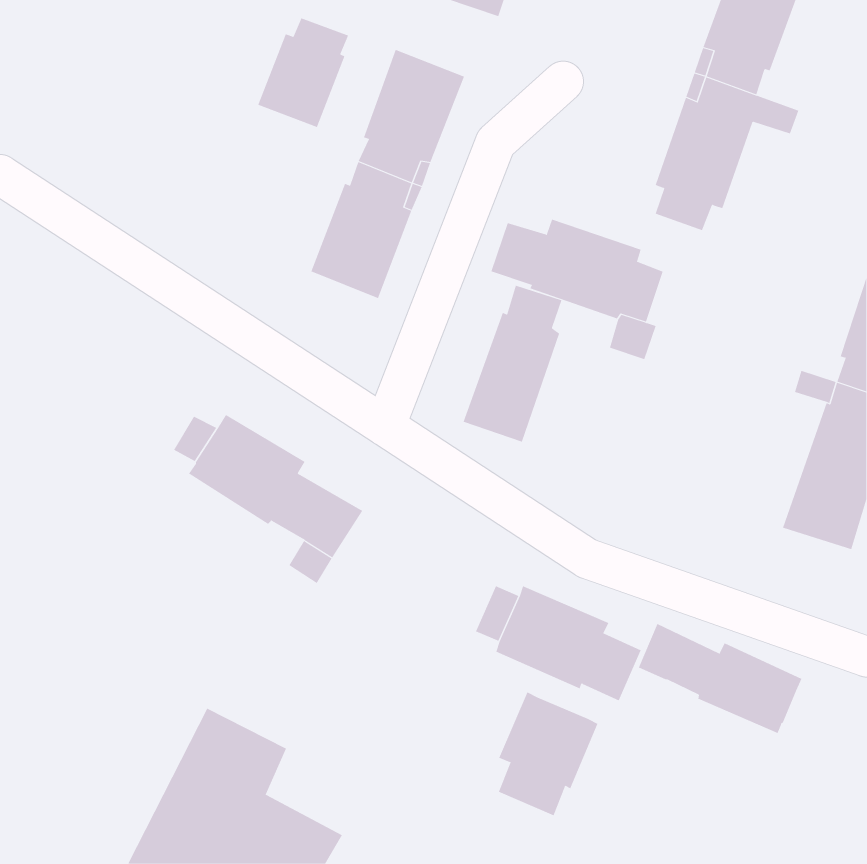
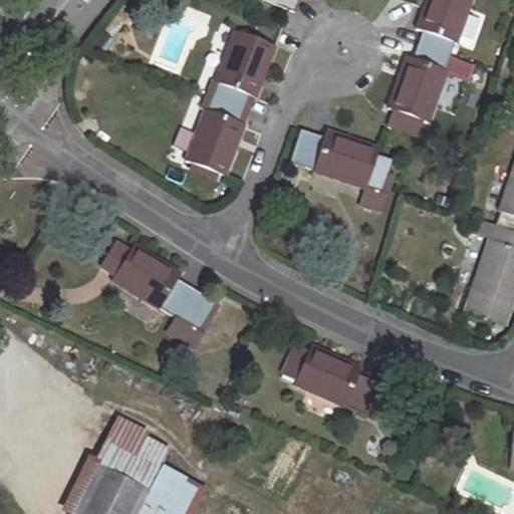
building: [258,17,349,128] -> none
building: [463,285,562,443] -> none
building: [638,623,802,734] -> none
building: [498,692,598,816] -> none

